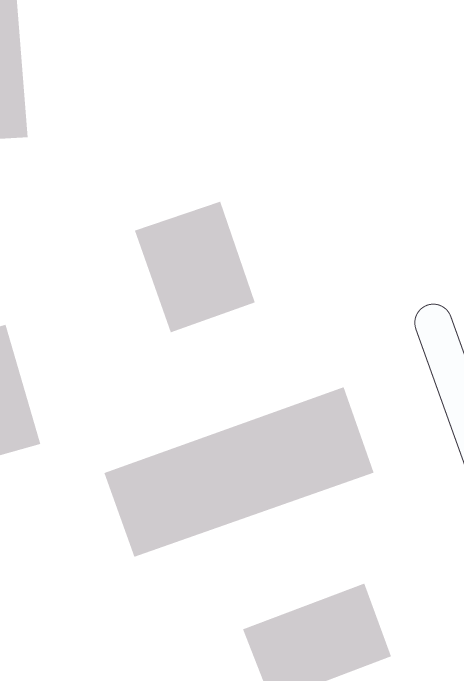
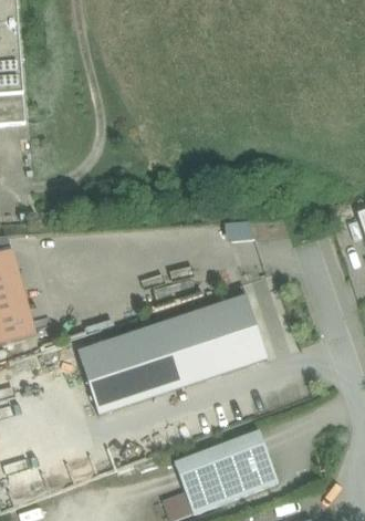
building: [134,201,256,333] -> none

